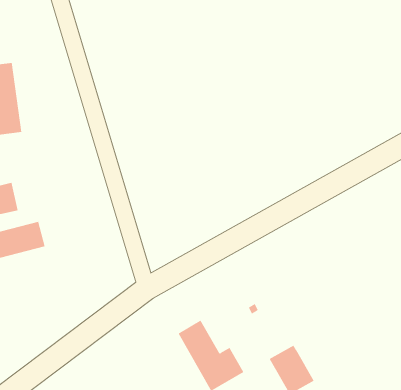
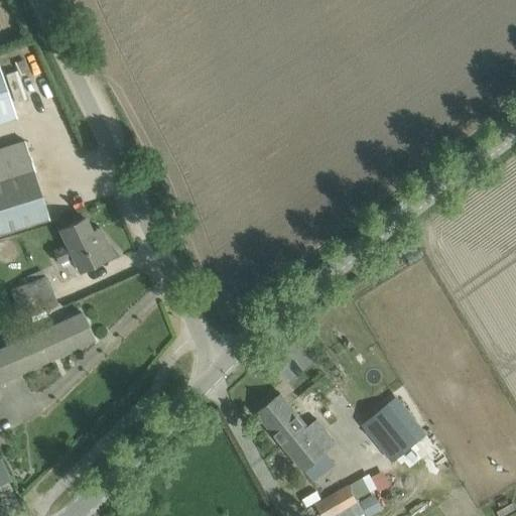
building: none -> [53,219,113,271]

